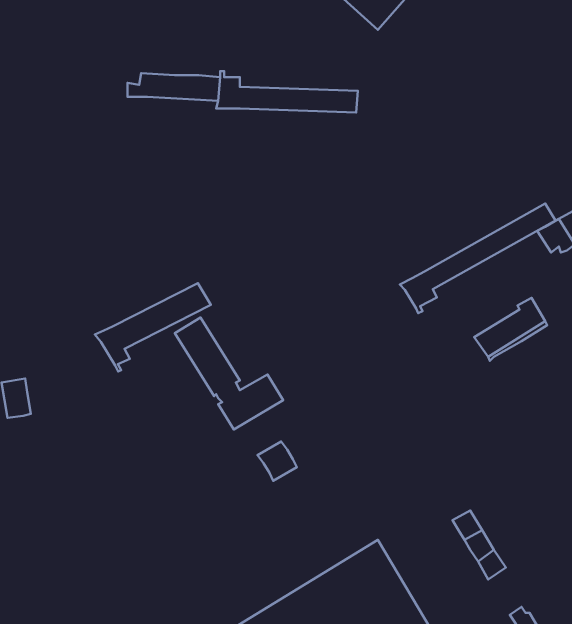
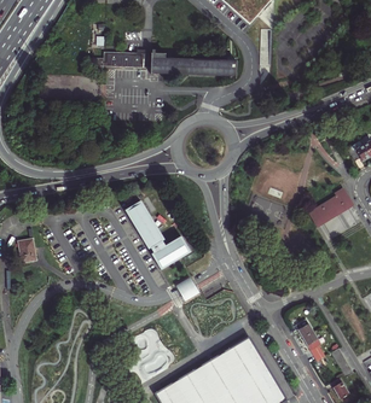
building: [400,204,556,313] -> none
building: [95,283,211,372] -> none

